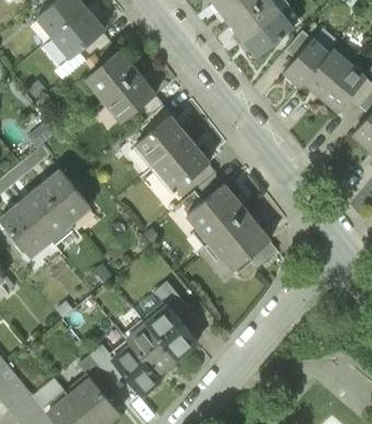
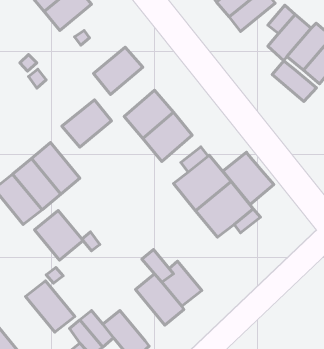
building: [86,51,137,100] -> [62,100,111,147]
building: none -> [272,61,316,101]
building: none -> [223,152,274,205]
building: none -> [35,210,83,260]
building: [127,324,178,377] -> [26,281,75,332]

